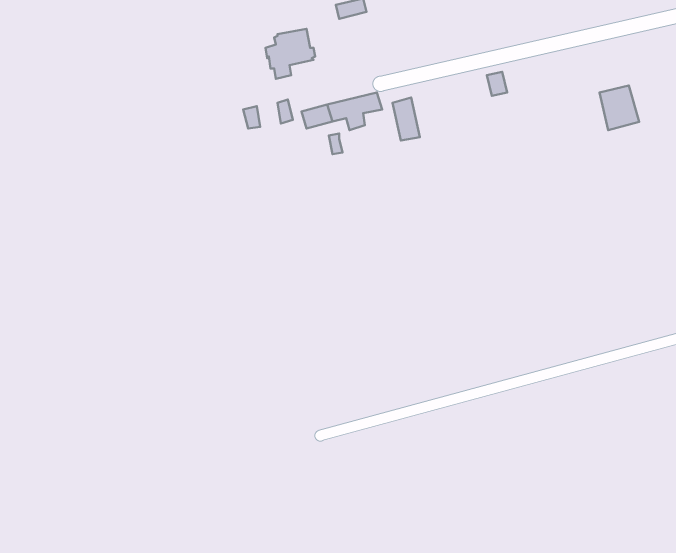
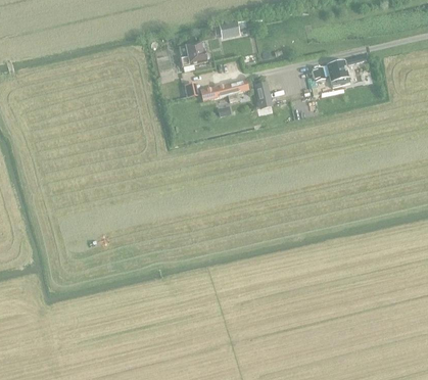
building: [600,86,639,130] -> [326,60,349,87]

